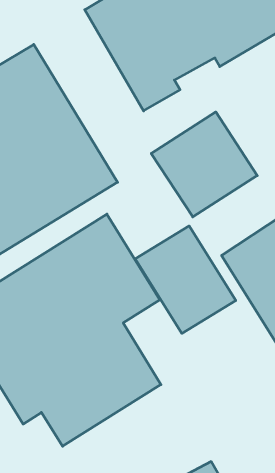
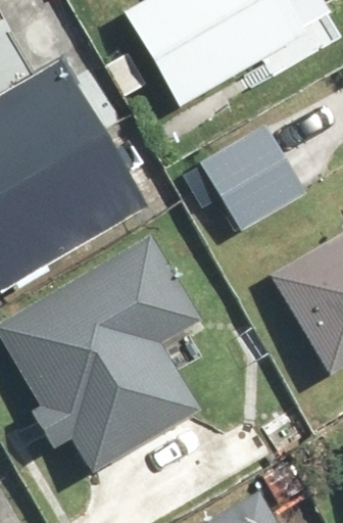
building: [135,226,236,333] -> none

